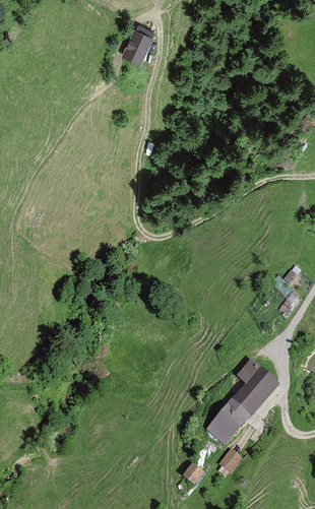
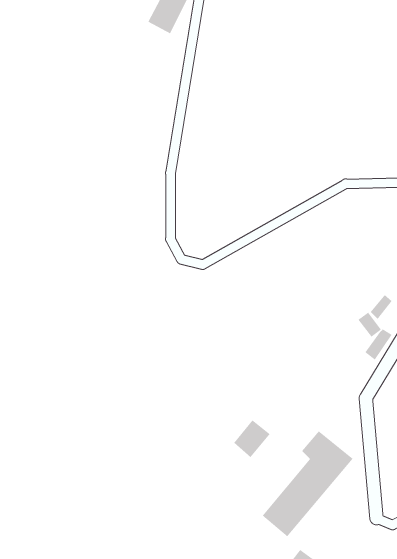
building: none -> [233,419,270,458]

